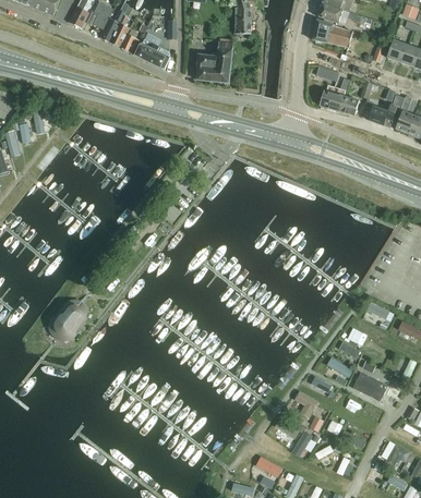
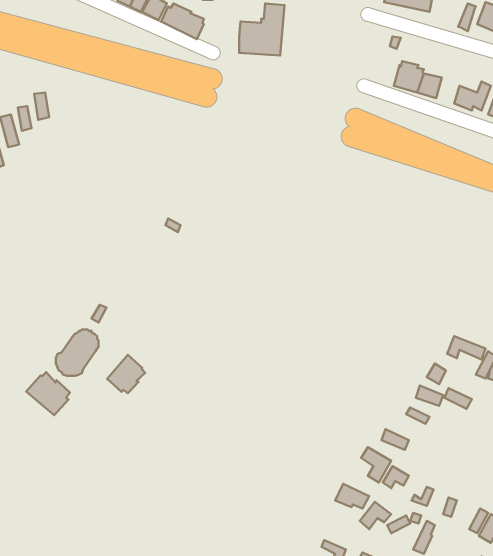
building: none -> [107,355,145,393]
building: none -> [26,372,70,415]
building: [353,371,388,400] -> none

